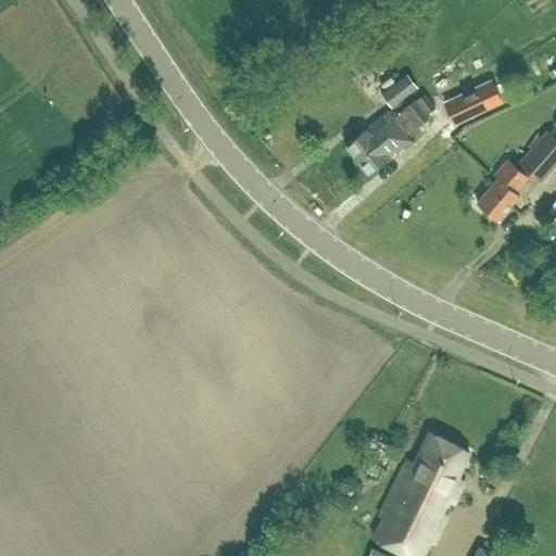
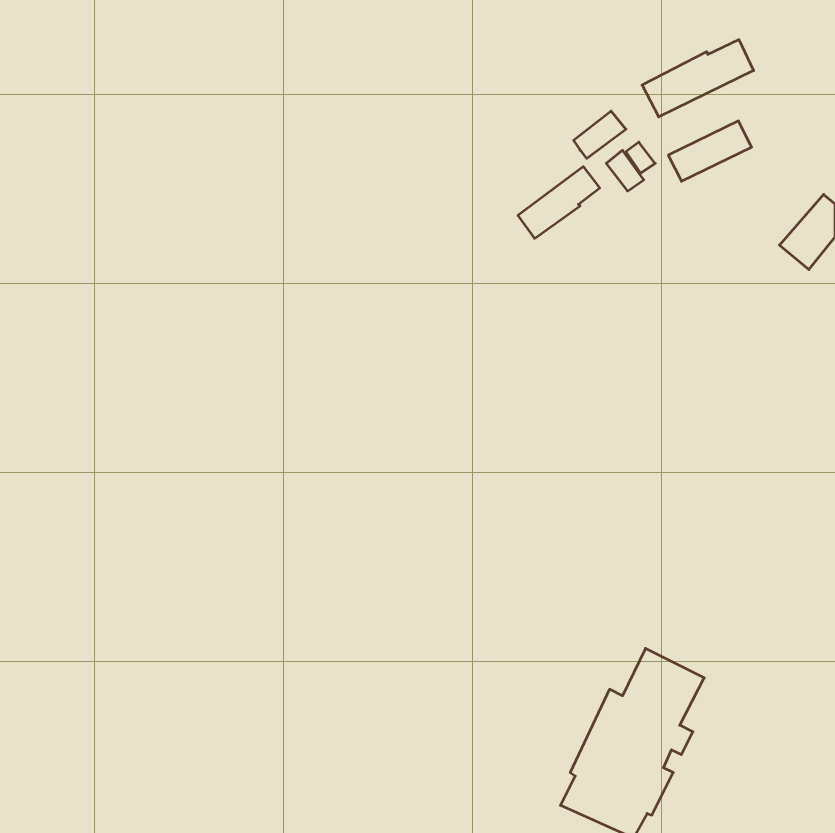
building: none -> [642,40,754,117]
building: [355,126,410,174] -> none
building: [476,159,527,219] -> none

